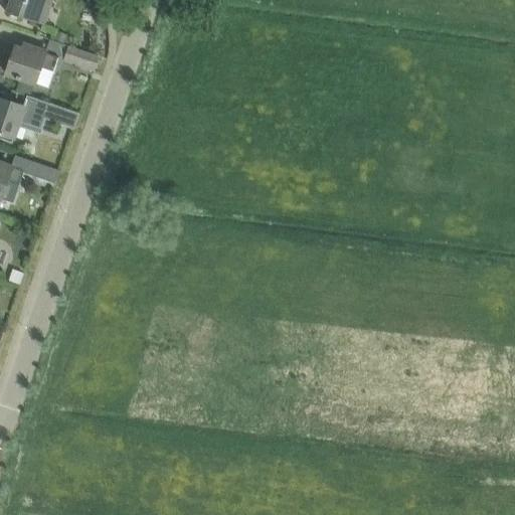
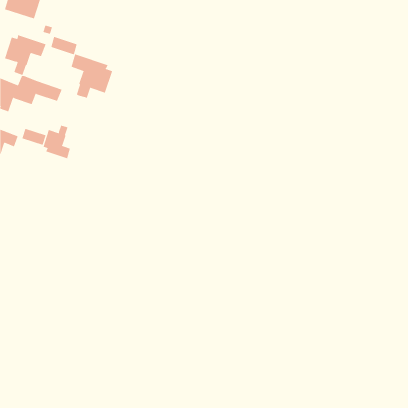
building: none -> [71,54,113,98]
building: none -> [43,125,71,159]

